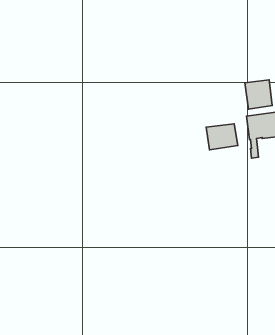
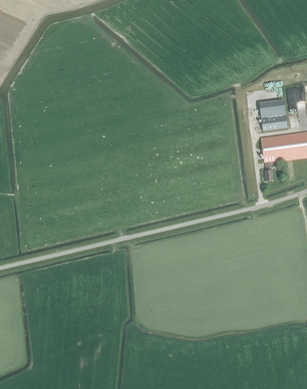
building: [206,124,238,150] -> none

